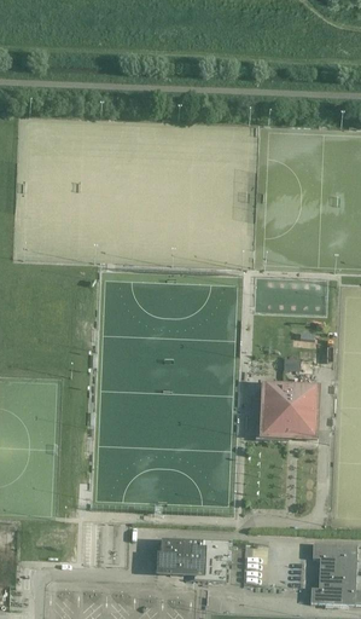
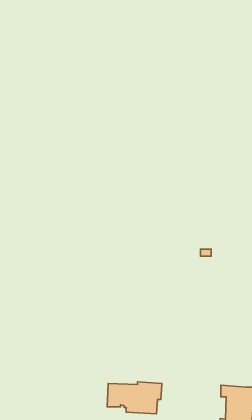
building: [261,382,313,434] -> none

